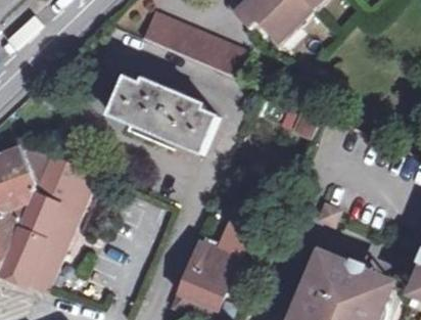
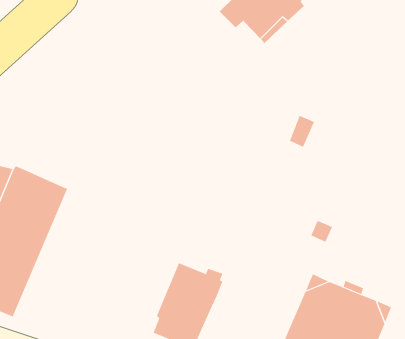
building: [140,9,247,77] -> none
building: [108,76,218,154] -> none

